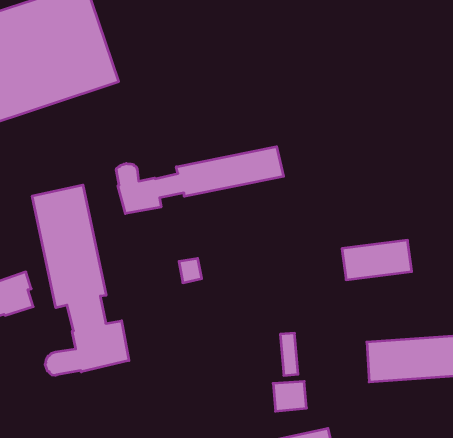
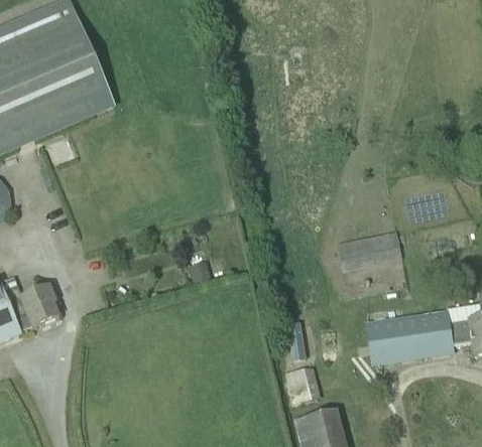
building: [116,147,284,214] -> none
building: [32,185,129,375] -> none

